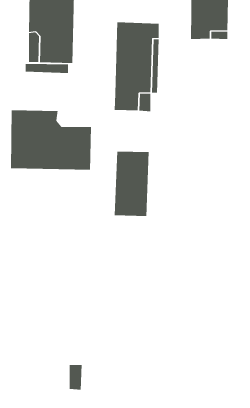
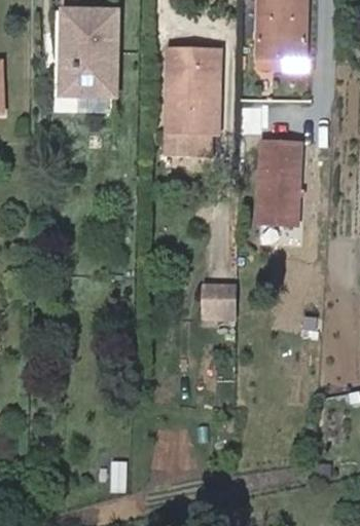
building: [11,109,91,170] -> none
building: [114,151,150,216] -> [257,143,300,222]
building: none -> [208,283,235,315]

